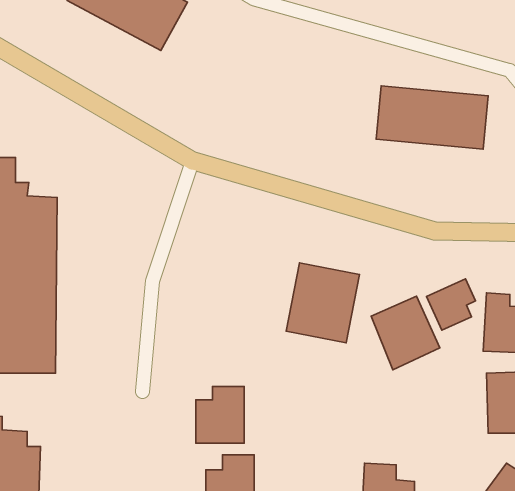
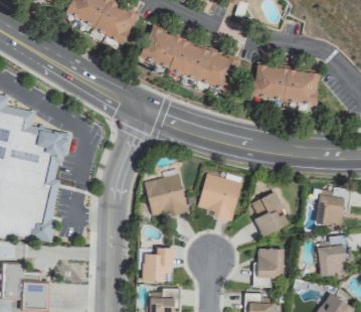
building: none -> [140,27,240,90]
building: none -> [145,171,188,217]
building: [426,279,476,330] -> none
building: none -> [254,248,284,285]

